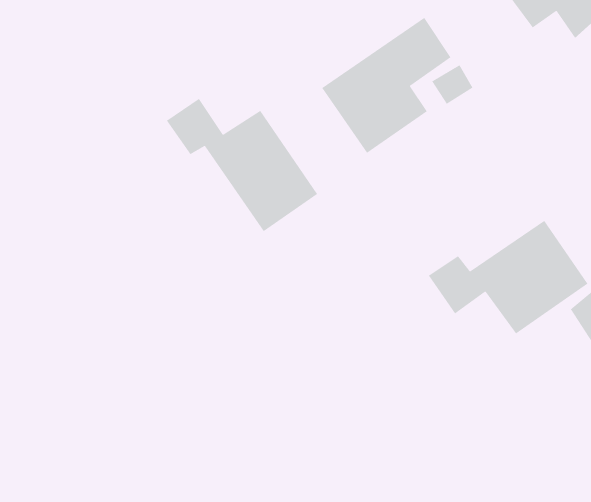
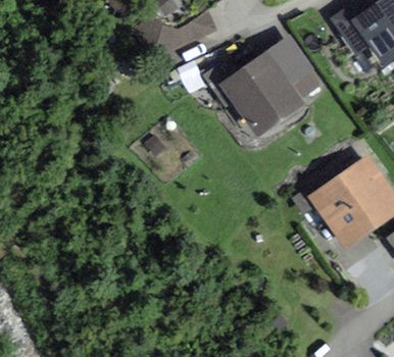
building: [166,98,318,232] -> none

